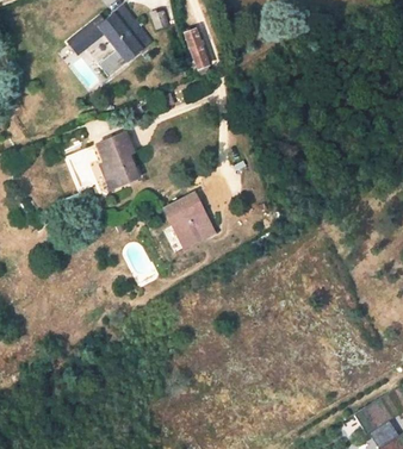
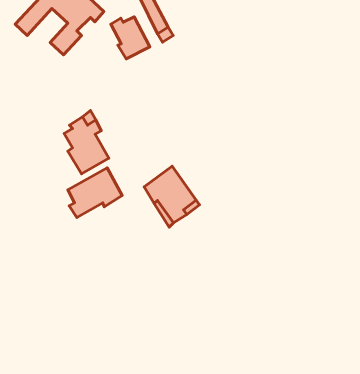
building: none -> [111,17,150,59]
building: none -> [68,168,122,217]

